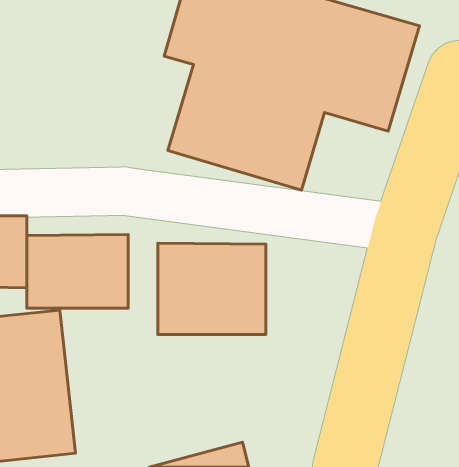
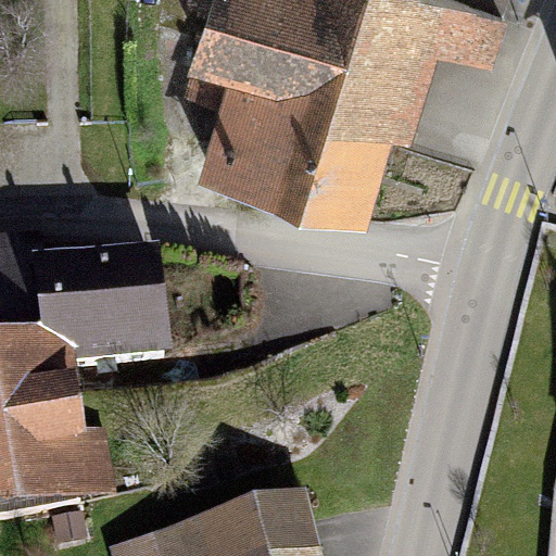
building: [158,243,266,335] -> none

